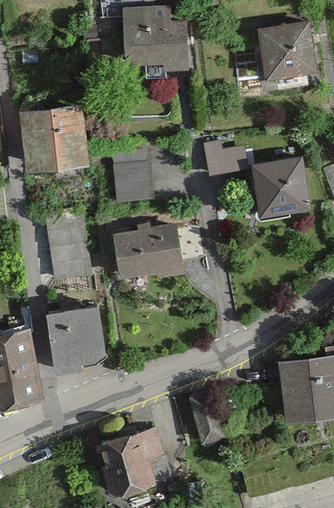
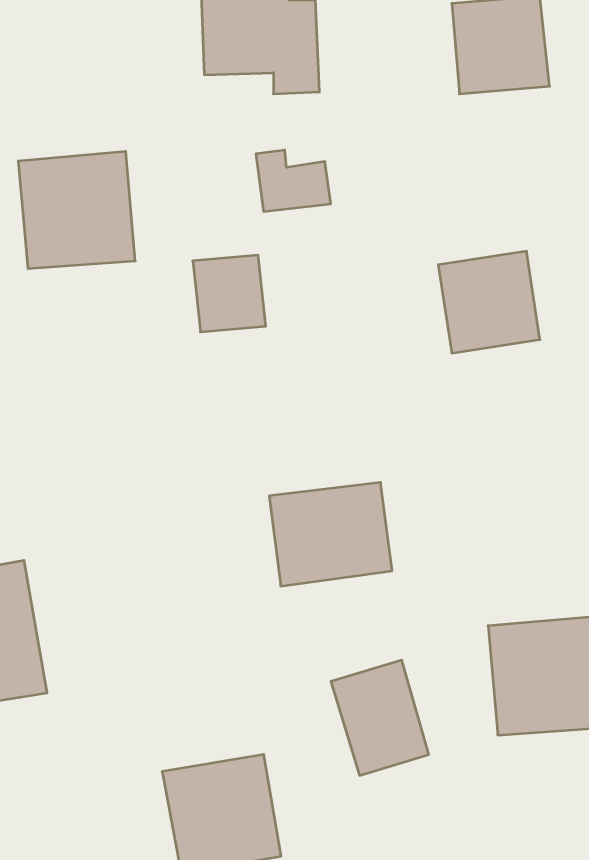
building: [209,141,250,175] -> [256,150,331,211]
building: [50,213,96,279] -> none
building: [113,226,180,283] -> [269,482,392,586]
building: [45,306,101,372] -> none

